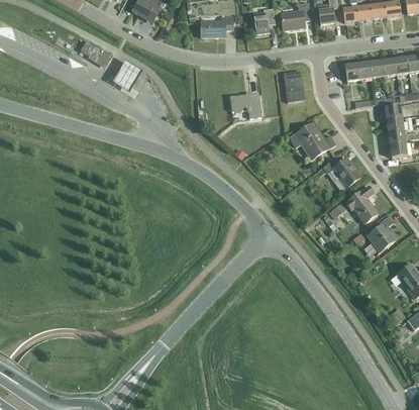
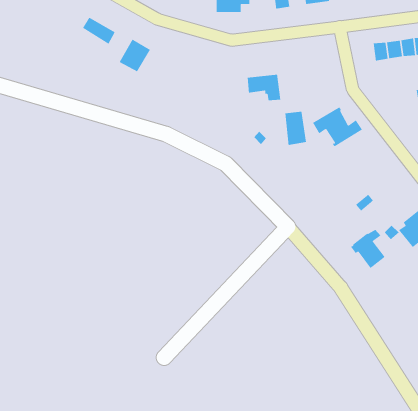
building: [284,71,304,102] -> [285,111,307,145]
building: [322,158,360,187] -> none
building: [345,187,378,223] -> [350,229,386,269]

